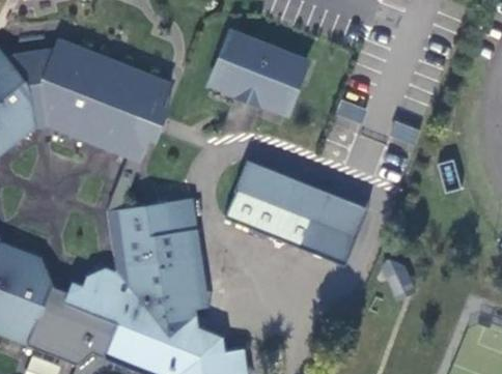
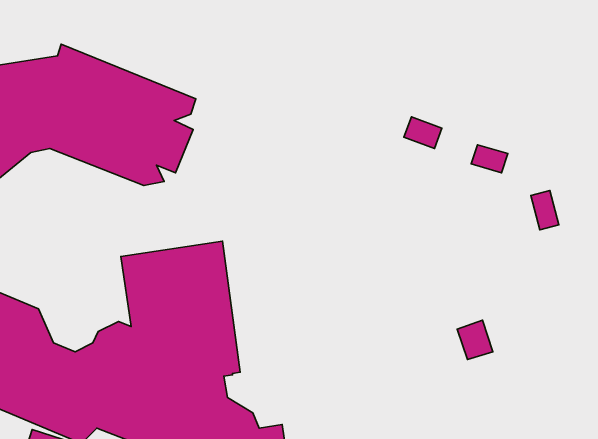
building: [208,32,303,118] -> none
building: [220,161,363,267] -> none

